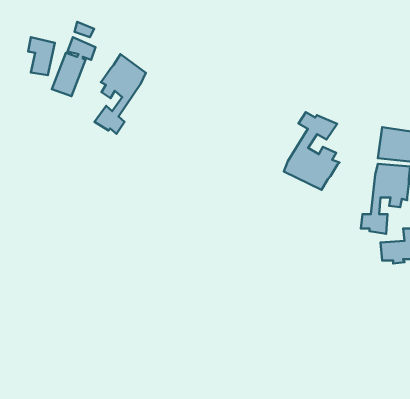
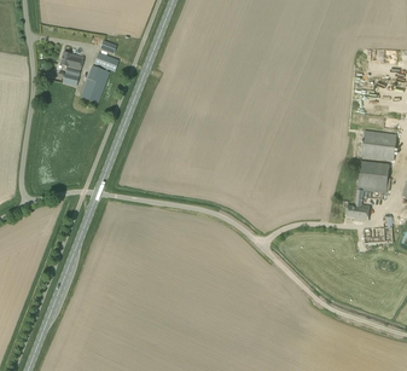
building: [94,54,146,134] -> none
building: [284,112,339,190] -> none

